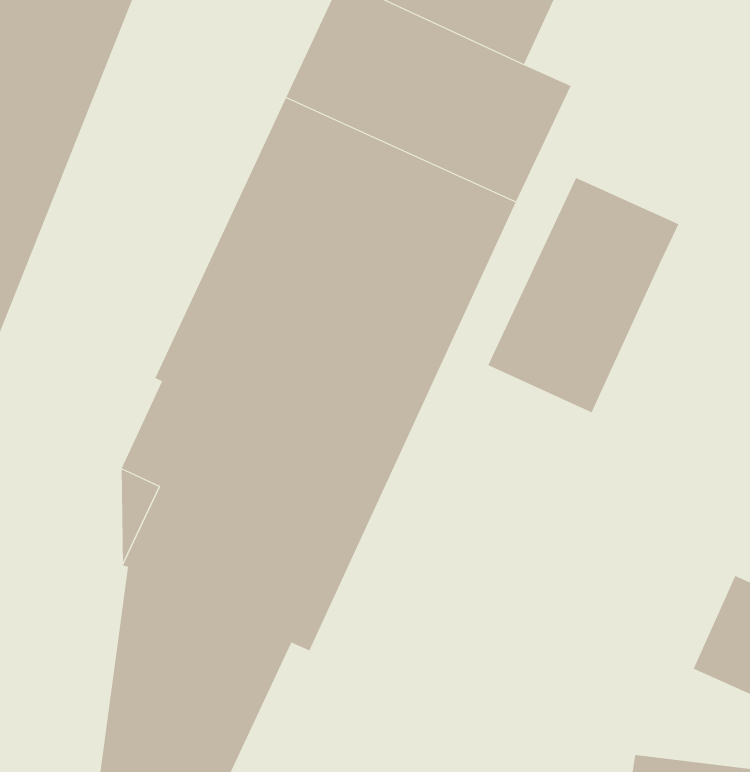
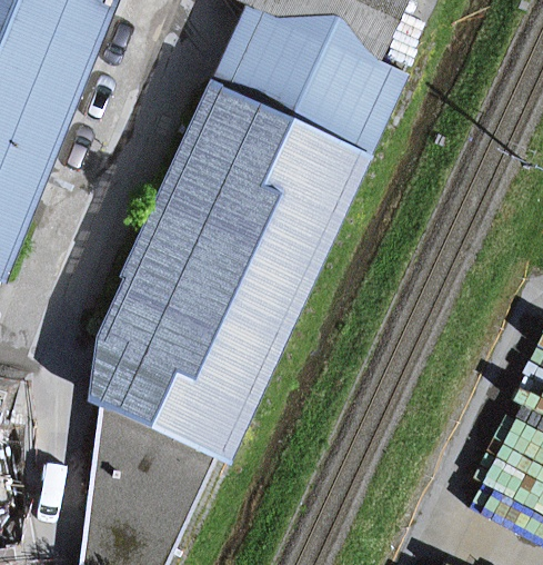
building: [487,177,679,413] -> none

